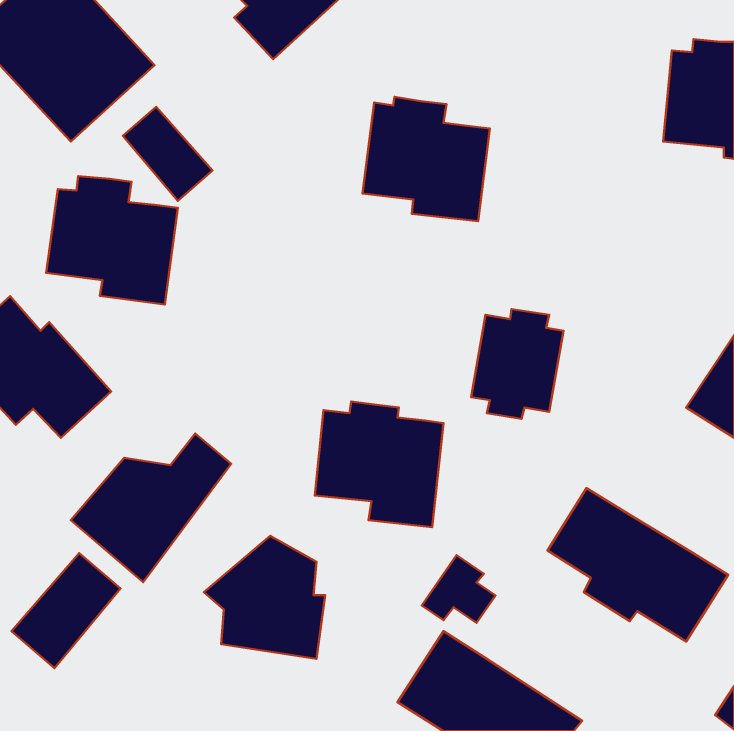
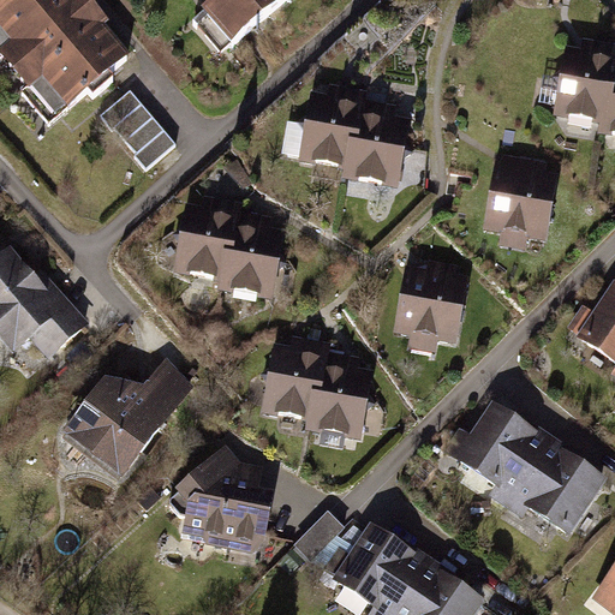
building: [46,176,178,305] -> [173,191,282,298]
building: none -> [483,150,556,249]
building: [11,553,121,668] -> none
building: [422,555,495,623] -> [295,504,357,561]

